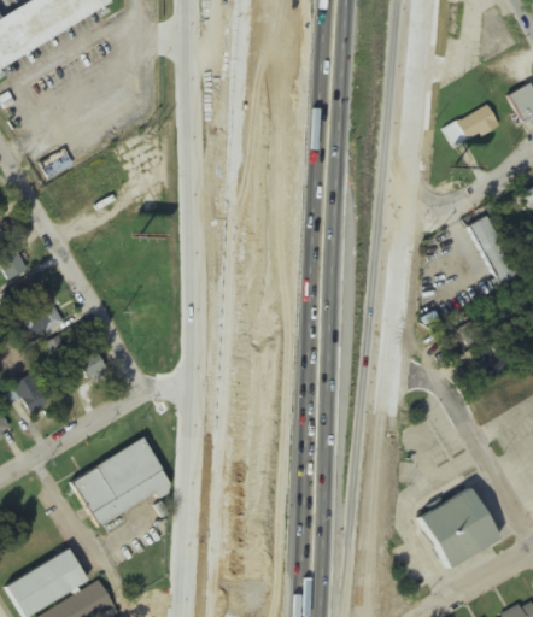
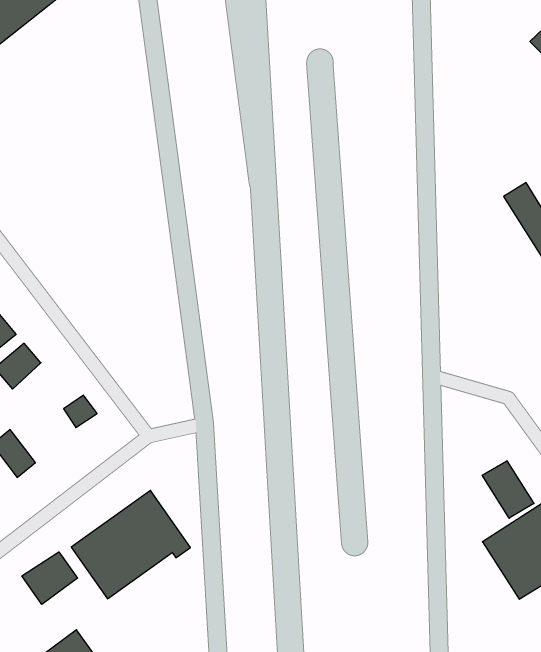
building: [445,107,499,145] -> none
building: none -> [482,461,534,518]
building: none -> [22,552,78,604]

